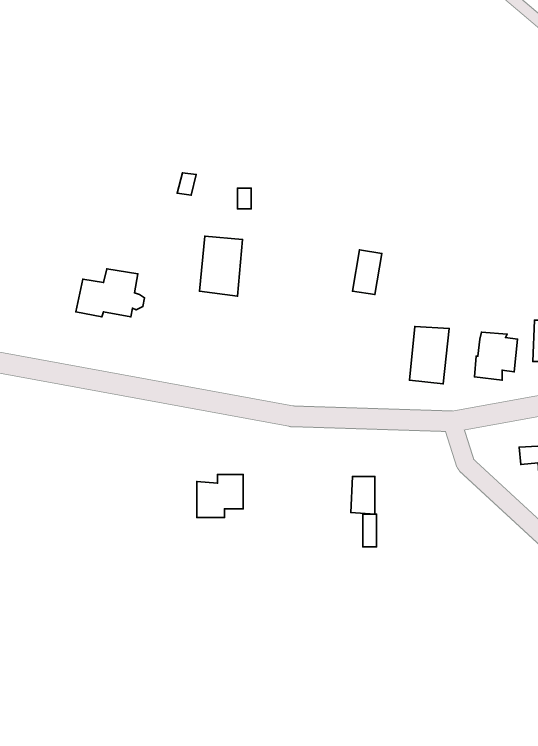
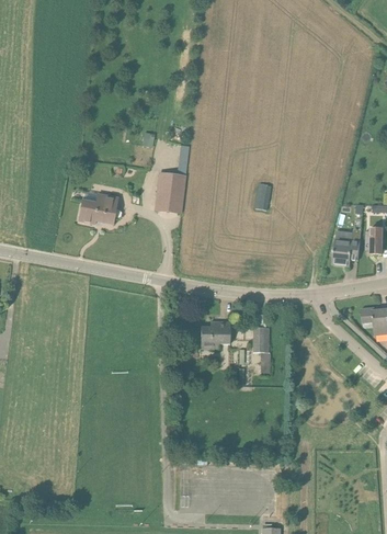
building: [409,327,449,384] -> none
building: [197,475,243,517] -> [201,320,230,348]

